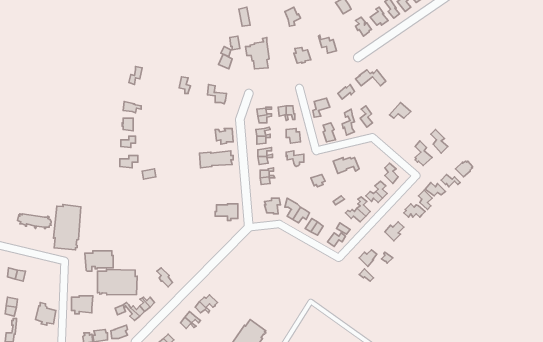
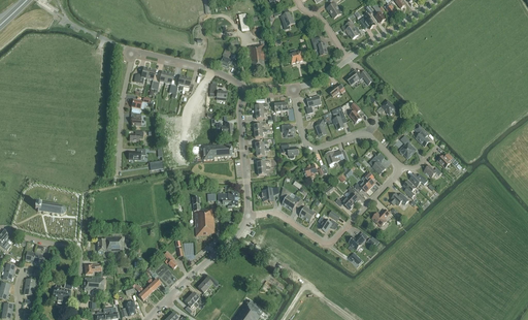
building: [53,205,81,250] -> none
building: none -> [193,195,214,234]
building: [98,270,137,295] -> none

